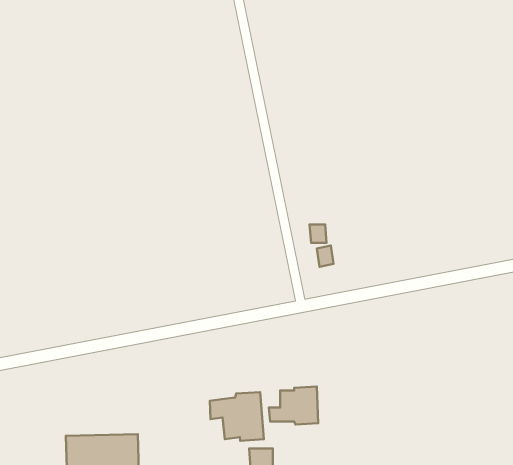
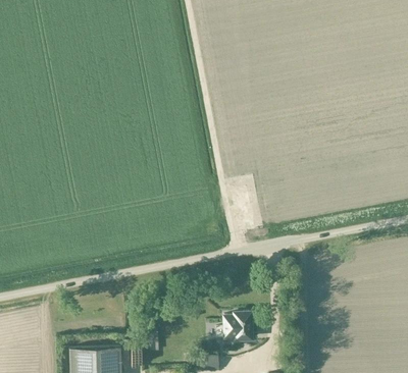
building: [210,392,264,441] -> none

